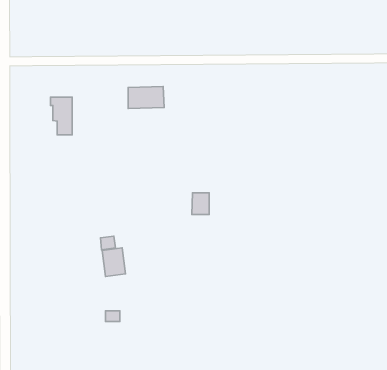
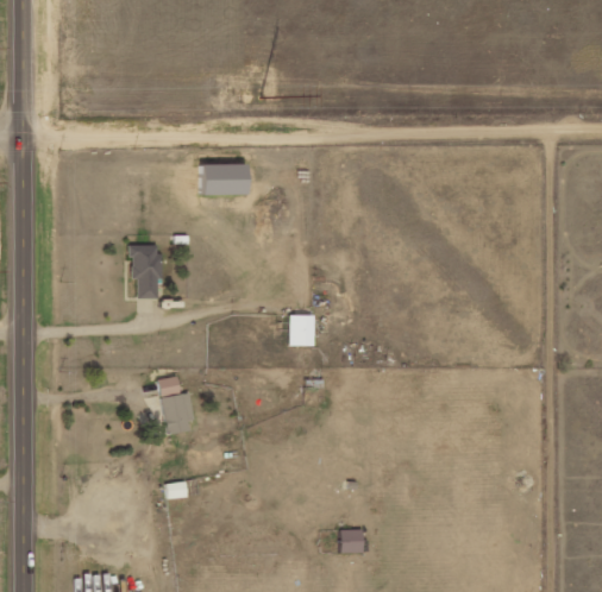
building: [50,97,72,135] -> [128,245,159,298]
building: none -> [340,530,363,553]

